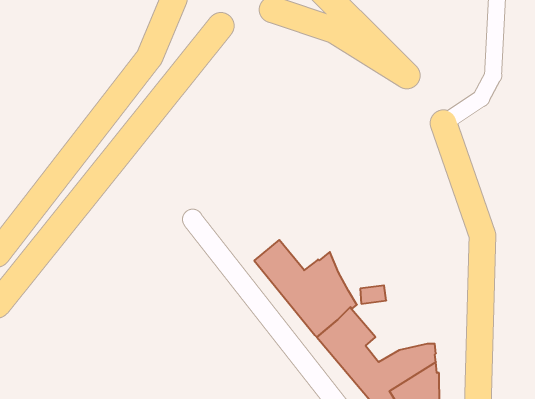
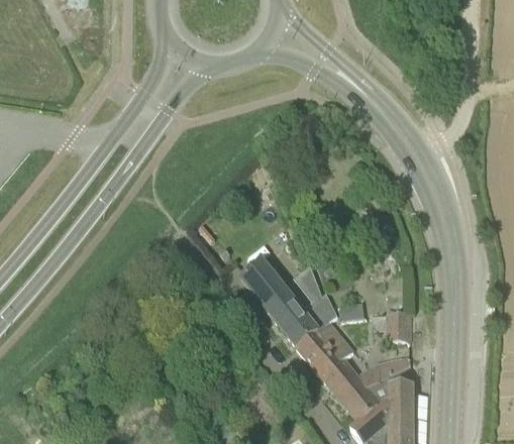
building: none -> [387,312,411,342]

